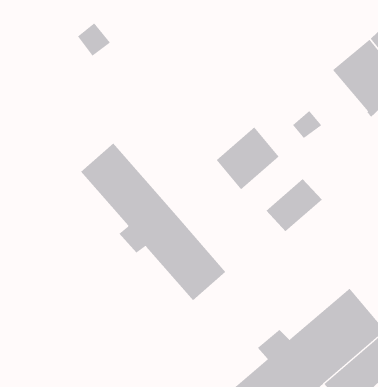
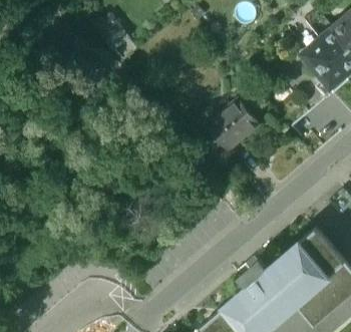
building: [80,142,226,301] -> none
building: [265,178,323,232] -> none

